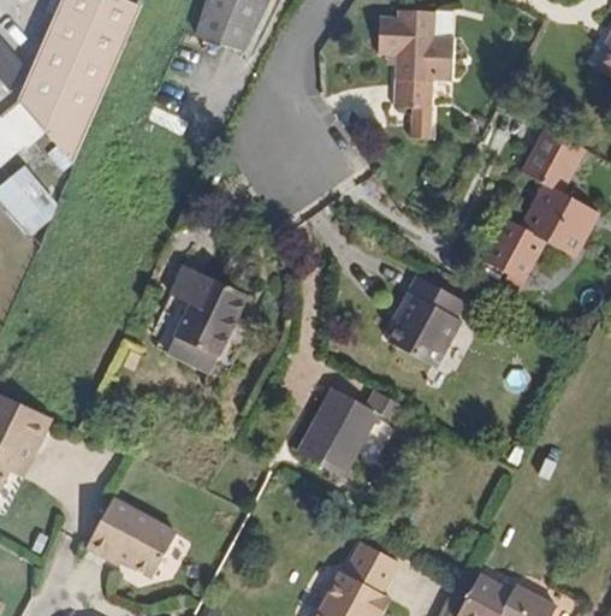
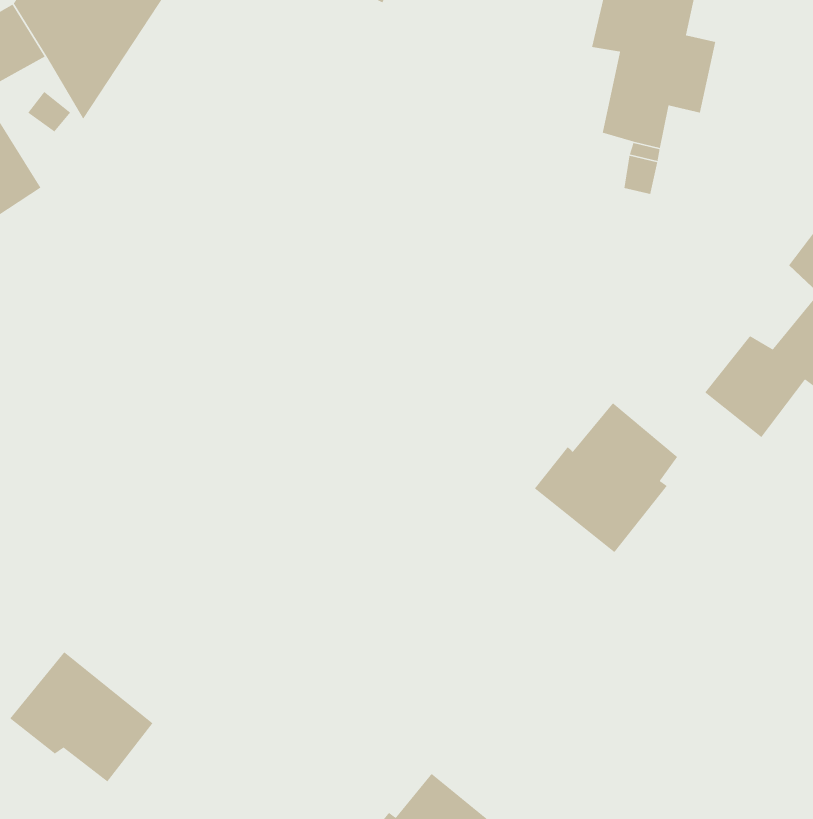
building: [162,263,247,373] -> none
building: [298,387,407,476] -> none

